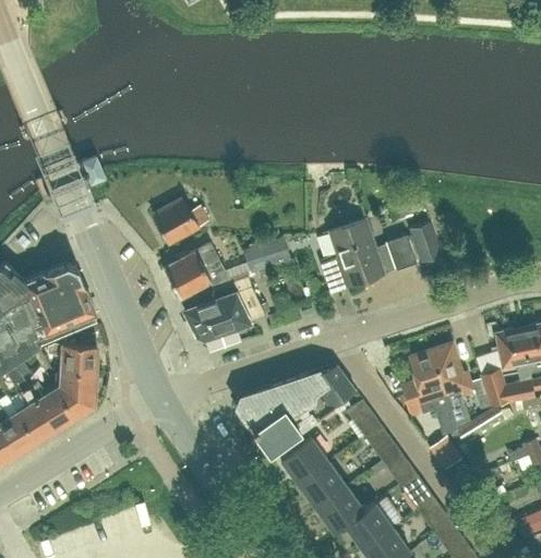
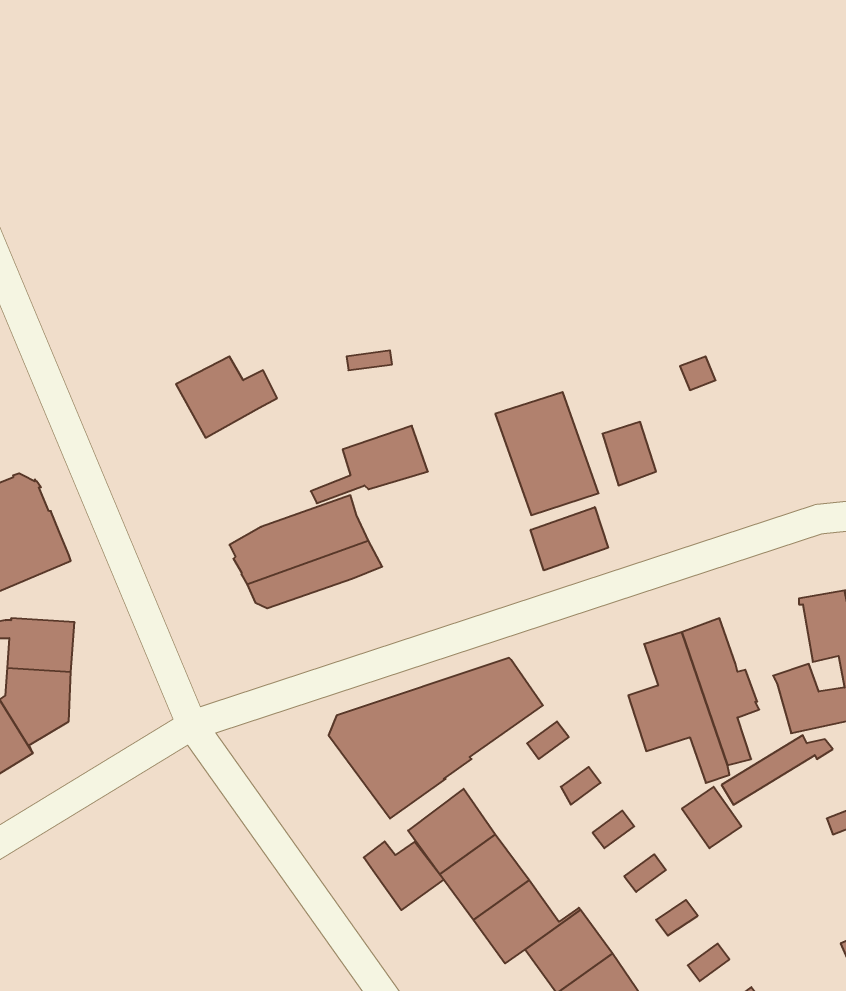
building: [410,222,442,263] -> none
building: [164,244,226,300] -> none
building: none -> [531,507,608,570]
building: none -> [364,841,444,910]

